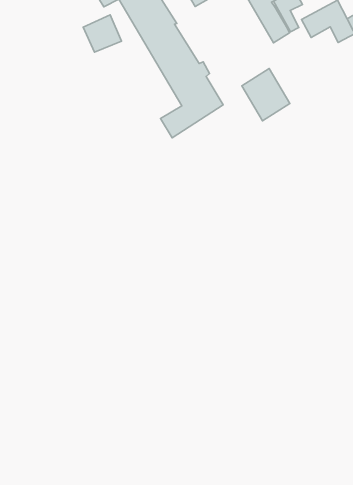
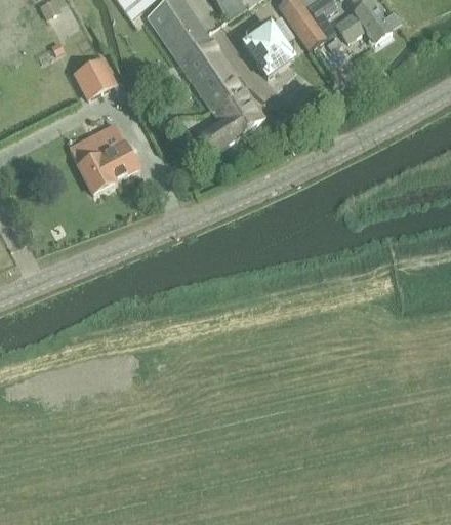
building: [83,15,122,52] -> [73,58,113,97]
building: [242,68,290,121] -> [243,23,293,76]
building: none -> [68,122,137,193]

